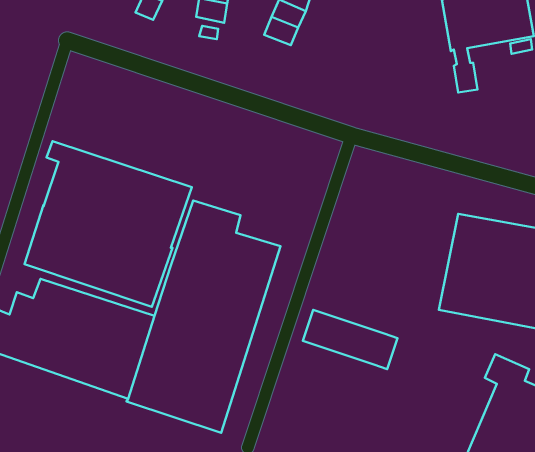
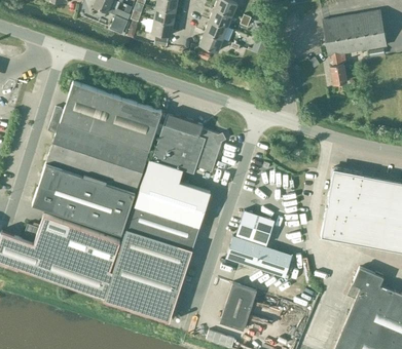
building: none -> [51,82,161,151]
building: none -> [151,114,223,173]
building: none -> [237,217,276,246]
building: none -> [219,268,261,331]

